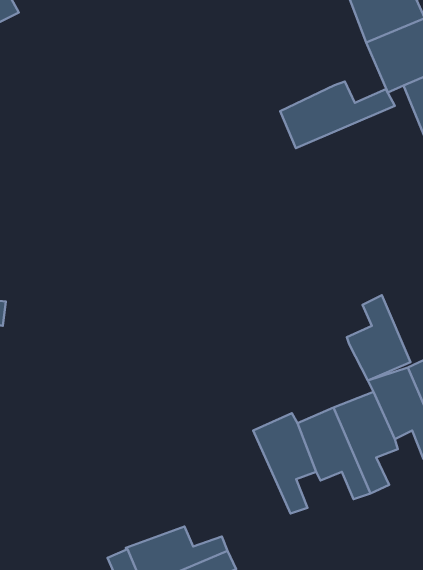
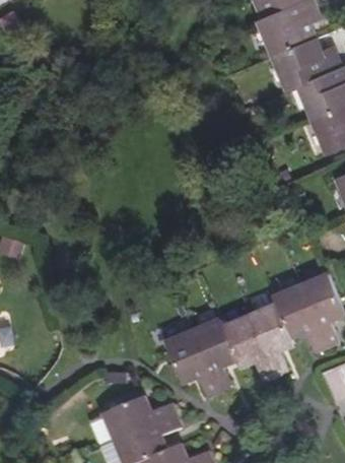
building: [280,81,395,148] -> none
building: [347,295,411,380] -> none
building: none -> [164,330,218,395]

